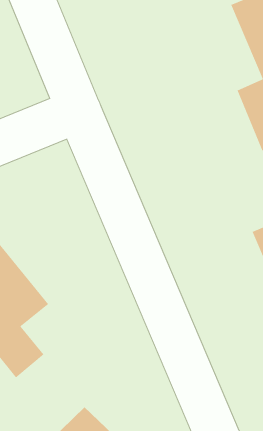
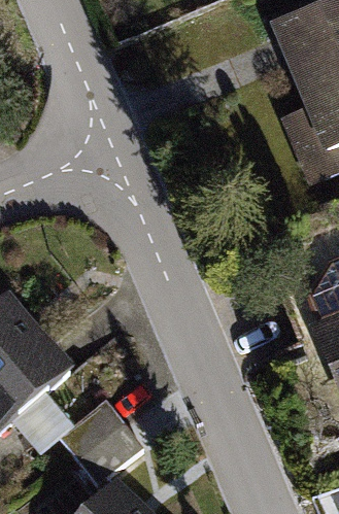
building: none -> [55,397,137,479]

